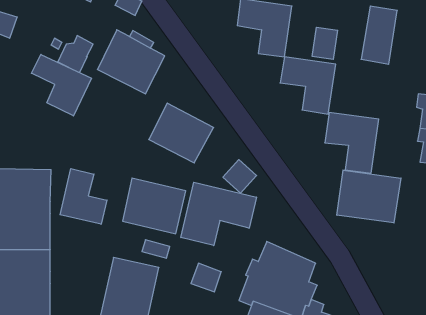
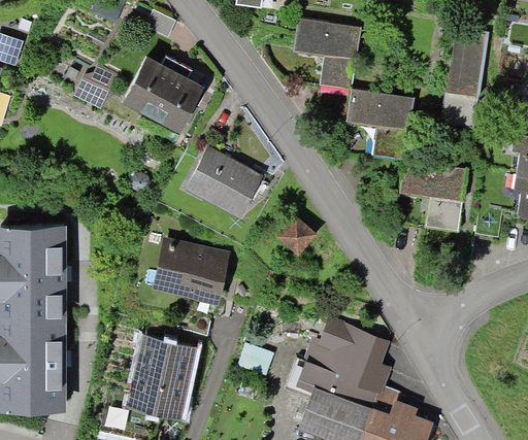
building: [312,27,338,59] -> none
building: [31,54,91,116] -> none
building: [60,169,107,224] -> none
building: [337,170,401,223] -> none
building: [181,182,256,246] -> none

